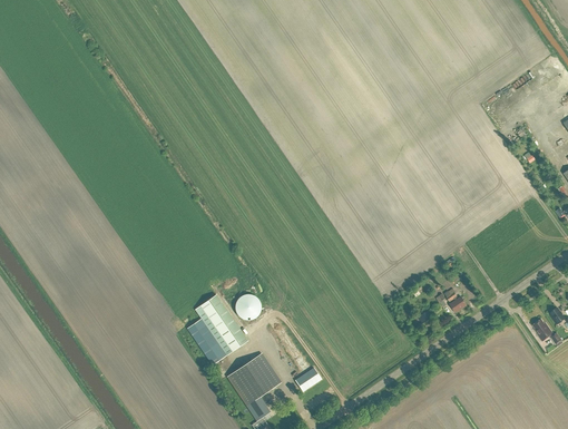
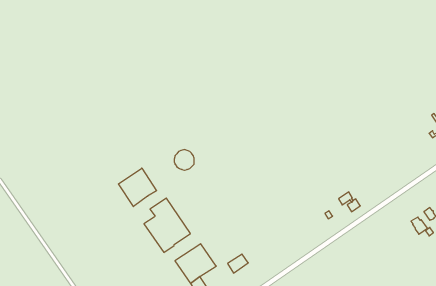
building: none -> [118,168,157,207]
building: [235,293,261,320] -> [174,150,194,170]

